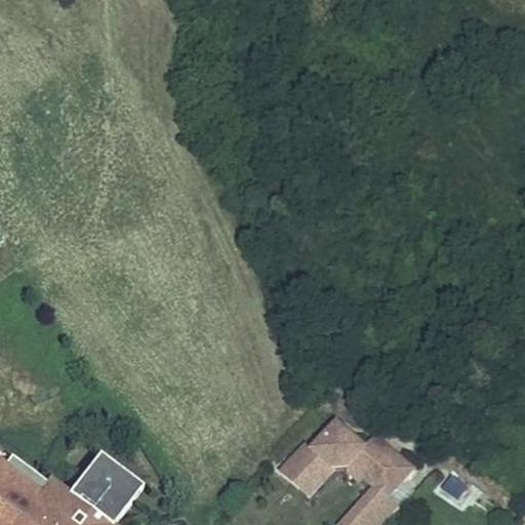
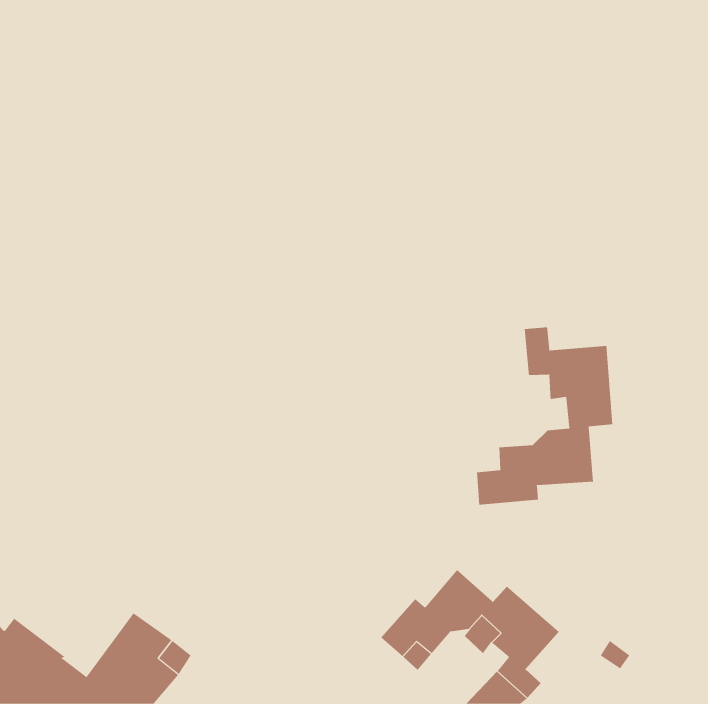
building: none -> [476,326,613,505]

